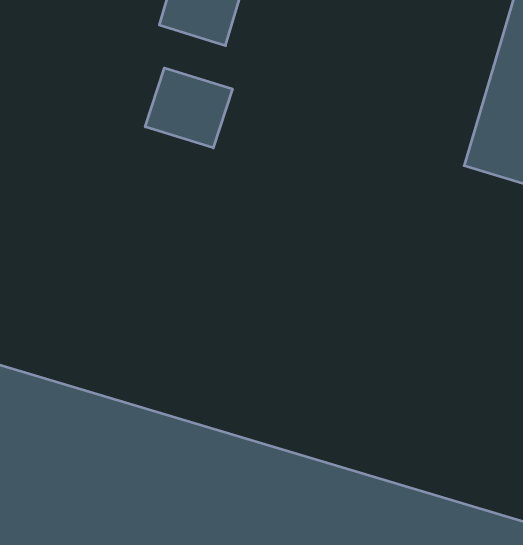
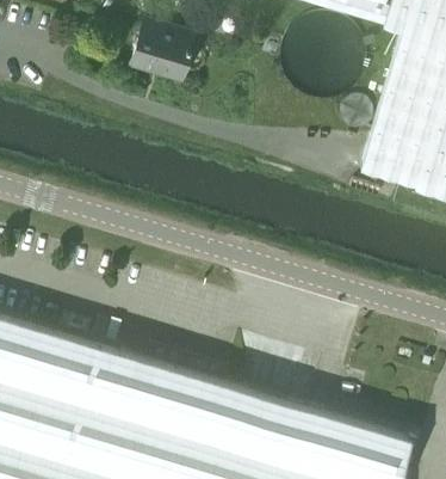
building: [145,68,232,148] -> none

